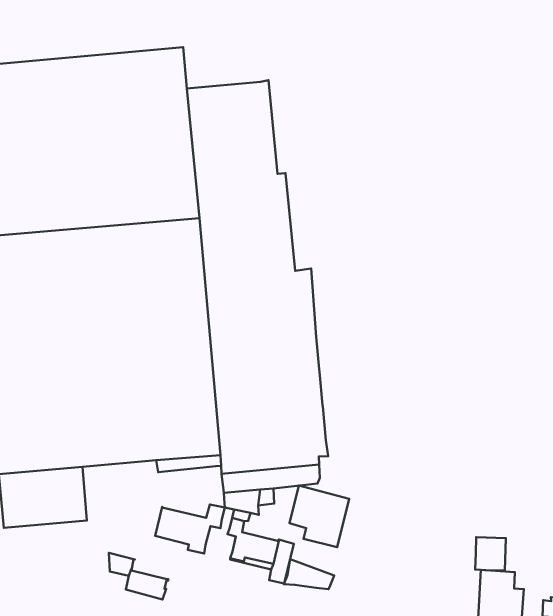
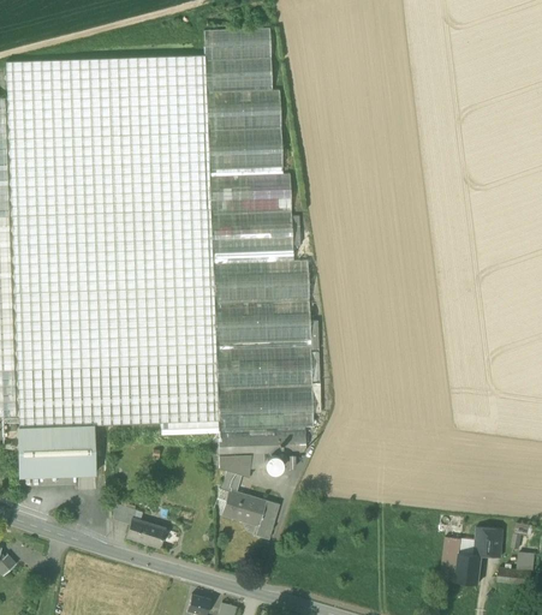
building: none -> [203,29,272,92]
building: [290,486,349,547] -> none
building: [155,504,225,554] -> none
building: [475,537,506,570] -> [473,526,502,557]
building: [284,559,334,589] -> none

